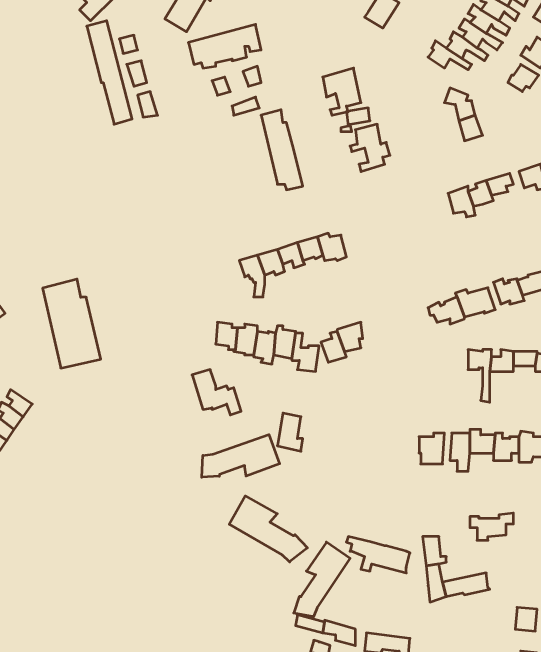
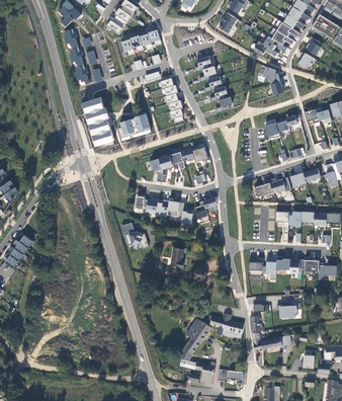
building: none -> [117,113,150,140]
building: [43,279,101,368] -> [81,96,113,146]
building: [202,435,280,477] -> none
building: [229,496,307,562] -> none

